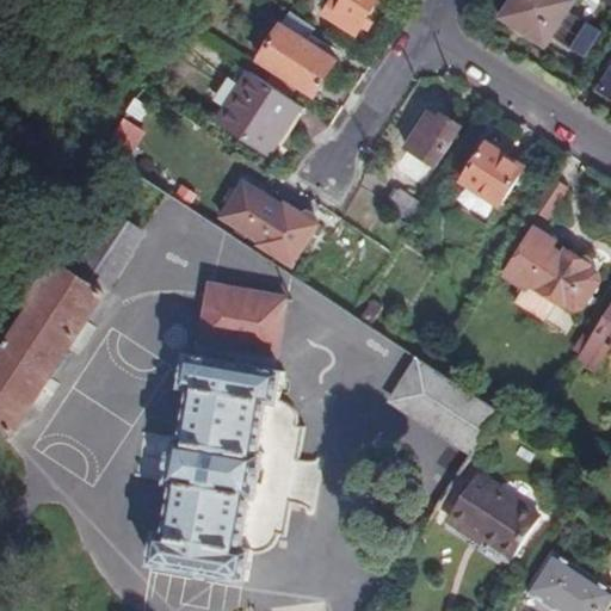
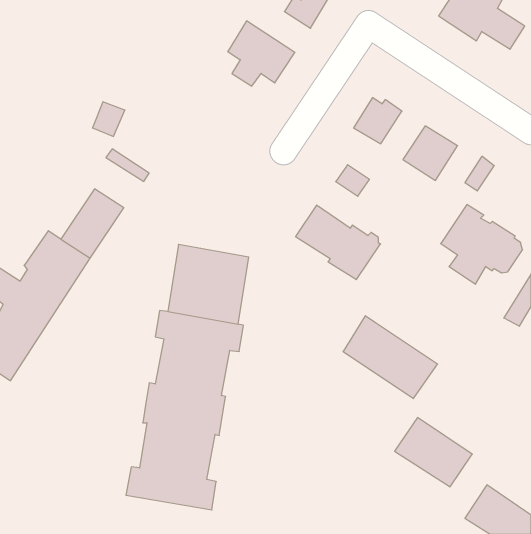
building: [217,73,297,152] -> none
building: [217,180,314,265] -> [296,205,381,280]

